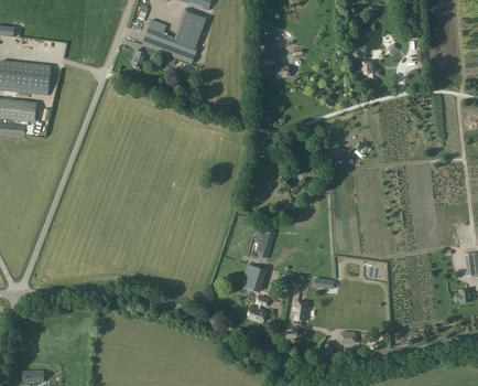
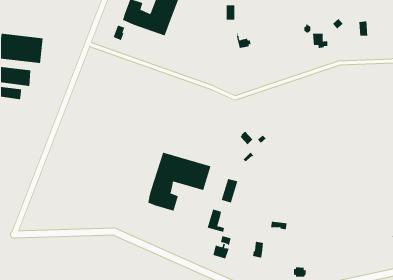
building: none -> [148,152,211,212]

